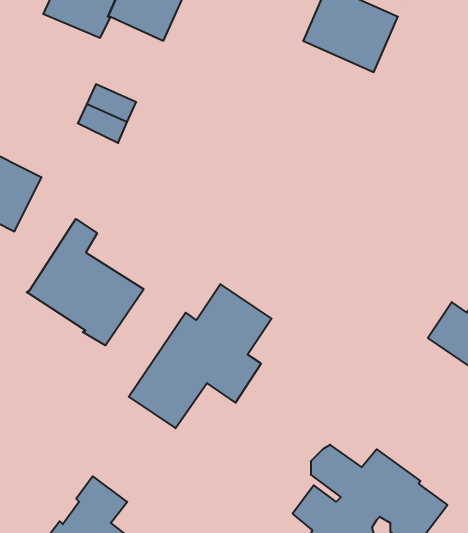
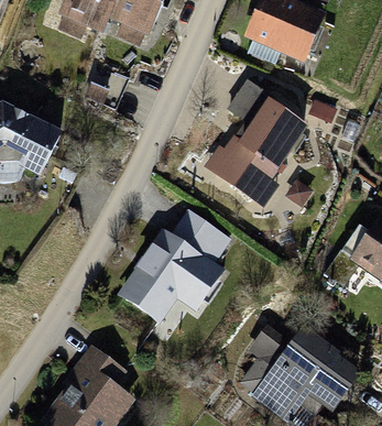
building: none -> [216,81,303,198]
building: [27,219,144,345] -> none

